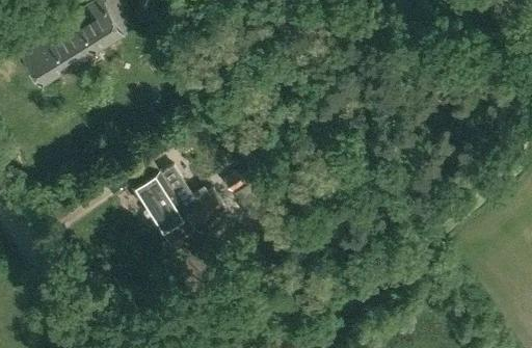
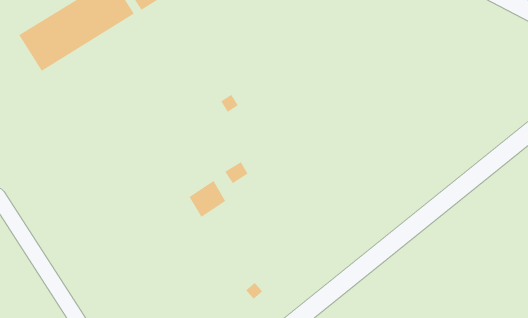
building: [137,173,200,247] -> none

